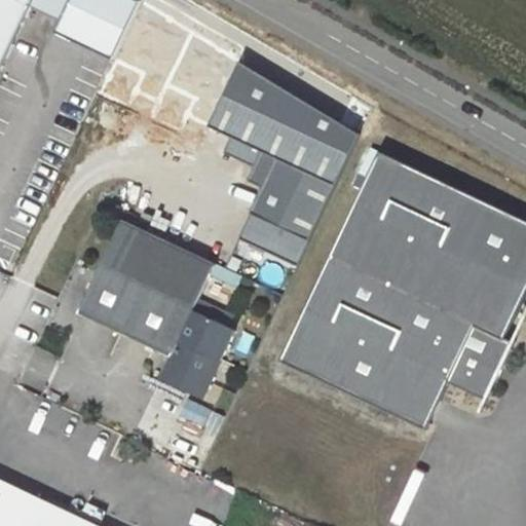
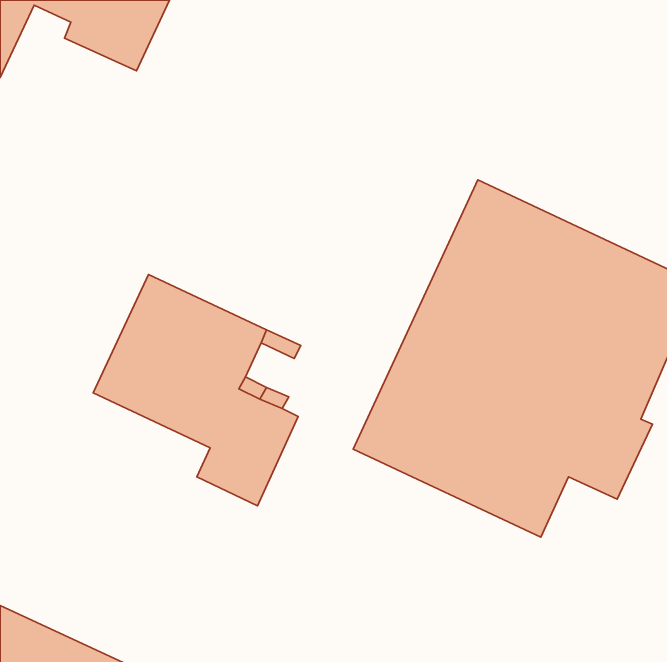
building: [206,57,359,266] -> none

